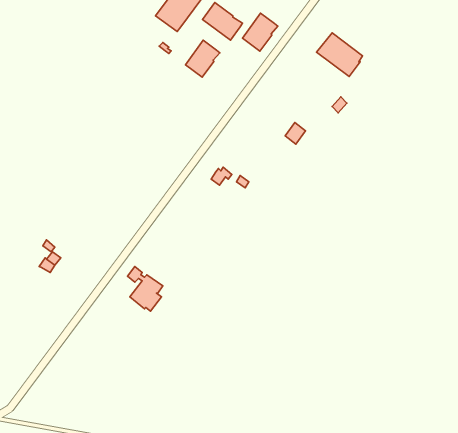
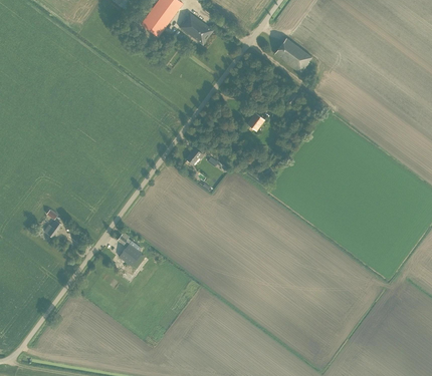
building: [242,13,278,51] -> none
building: [185,40,220,77] -> none

